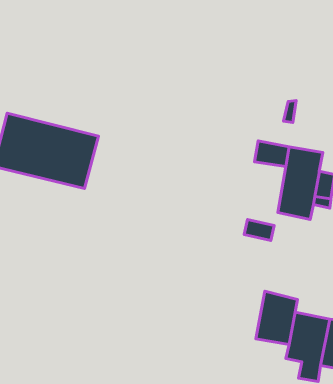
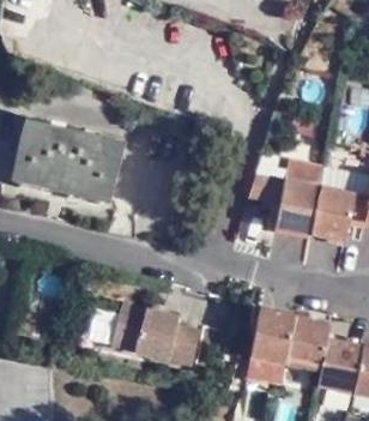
building: none -> [272,175,313,228]
building: none -> [110,301,200,366]
building: none -> [243,303,291,379]

